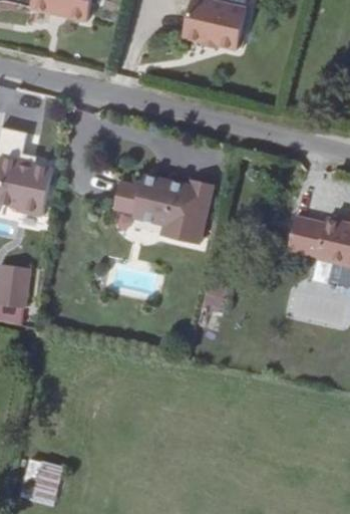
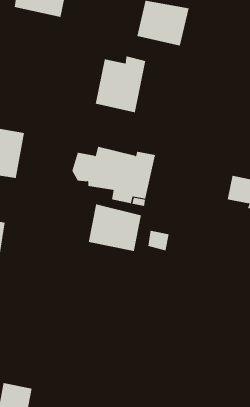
building: none -> [95,56,146,113]
building: none -> [88,204,142,252]

